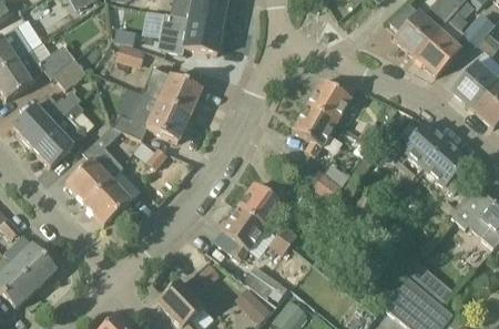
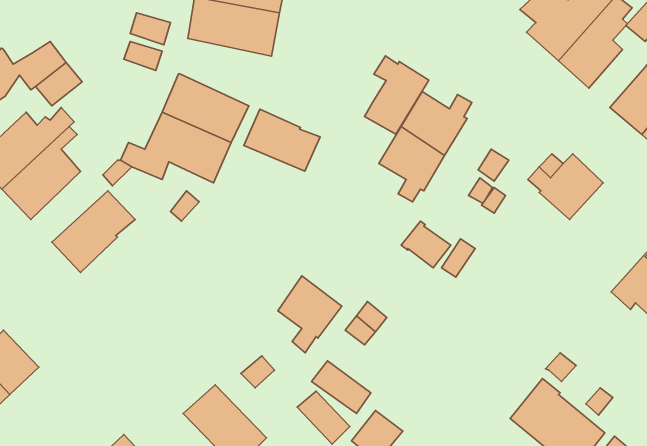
building: none -> [365,56,429,134]
building: none -> [244,109,320,171]
building: [424,142,468,192] -> none
building: [85,167,141,224] -> none
building: [238,183,288,227] -> none

